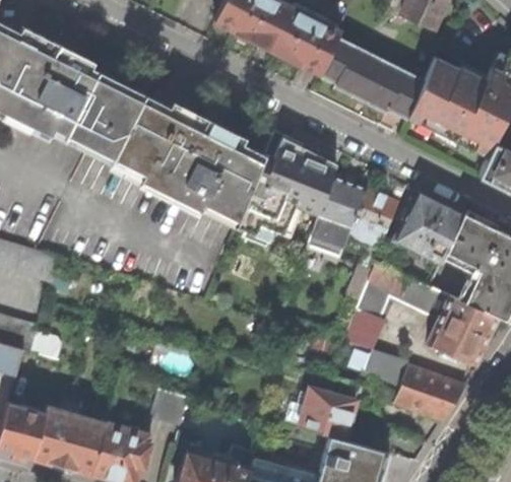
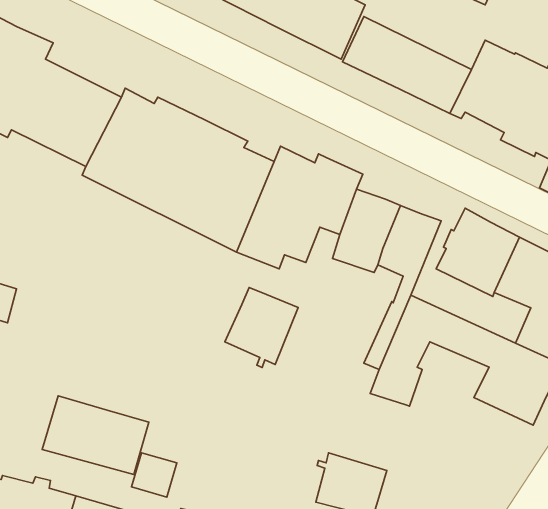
building: none -> [225,287,298,367]
building: none -> [42,396,149,474]
building: [364,350,464,421] -> none

